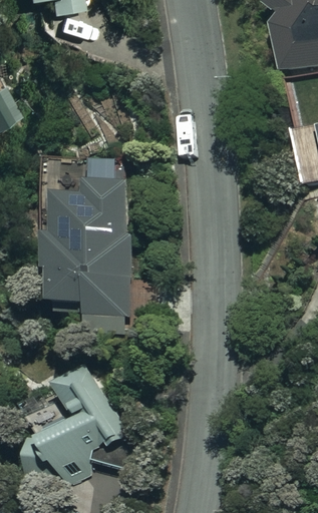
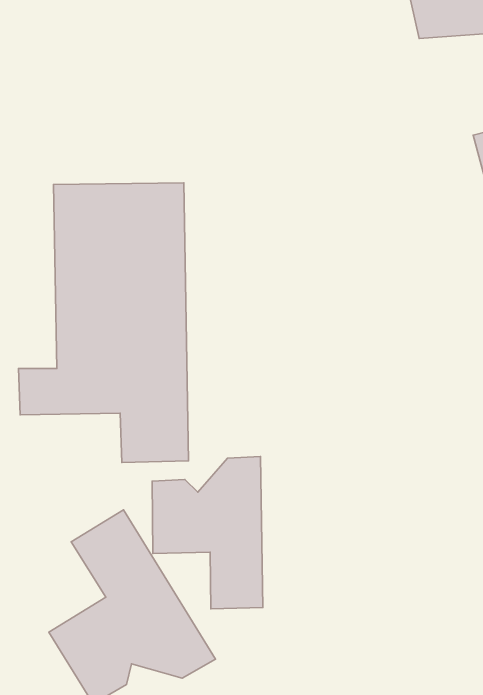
building: none -> [152,457,263,609]

